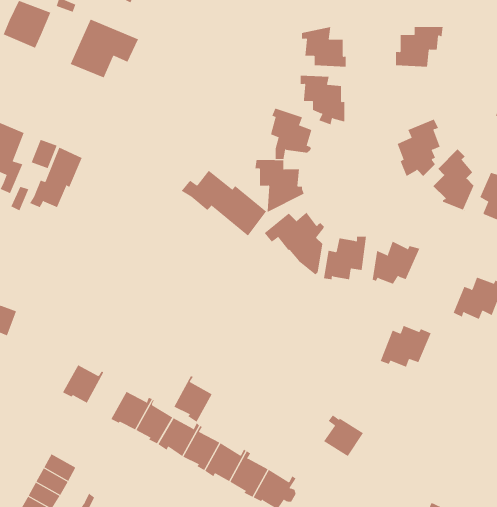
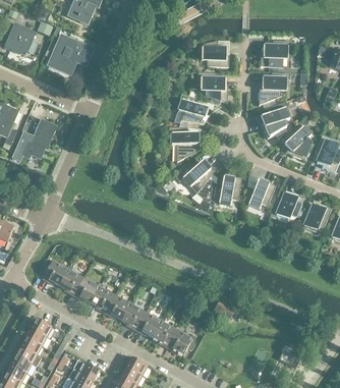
building: none -> [259,71,289,104]
building: [181,170,267,237] -> none
building: [380,325,431,367] -> [270,191,303,219]
building: [173,375,212,422] -> [59,265,84,295]

